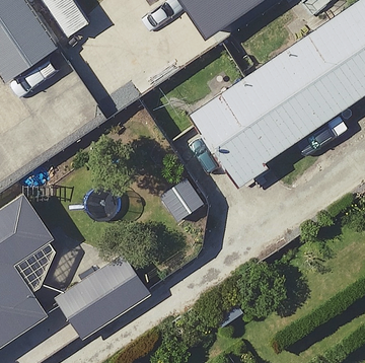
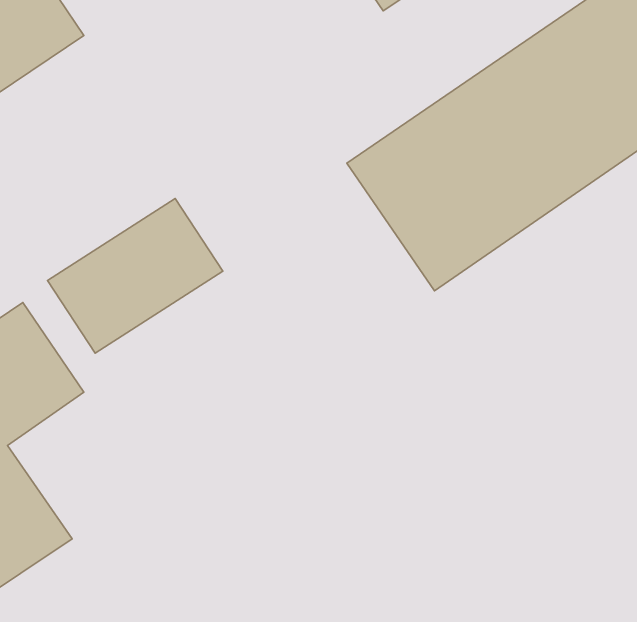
building: [52,251,145,334] -> [47,199,223,353]

